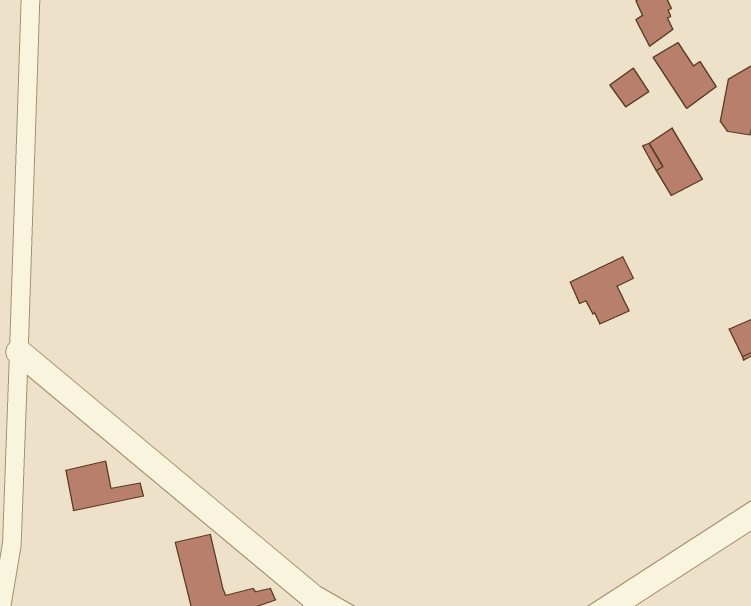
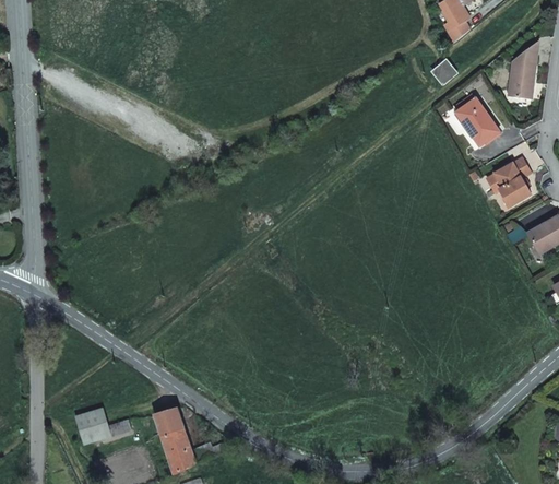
building: [653,43,716,108] -> none
building: [570,257,633,324] -> [486,158,530,206]
building: [66,461,144,510] -> [75,406,131,442]

